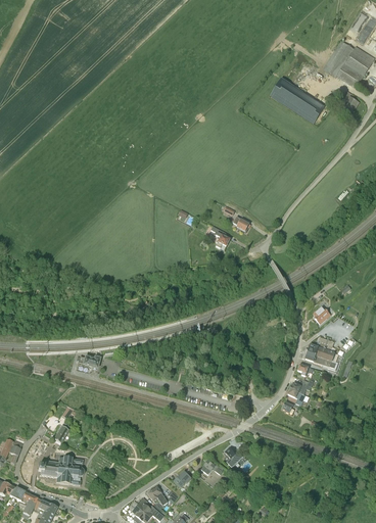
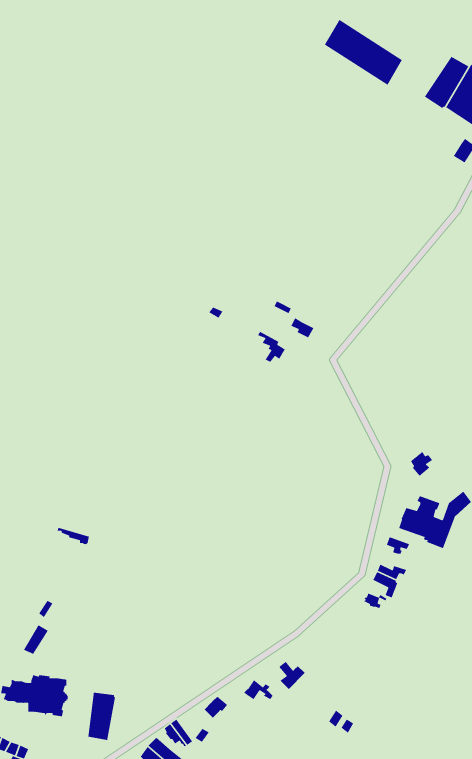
building: [271,79,324,124] -> [324,19,403,86]
building: none -> [88,692,116,741]

